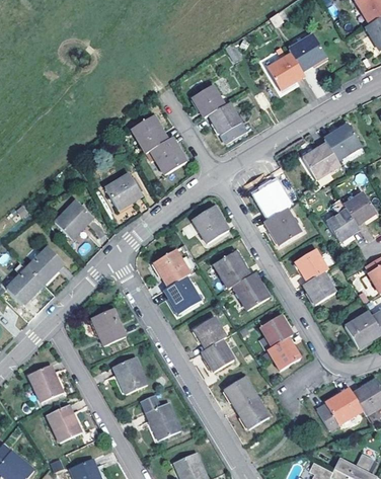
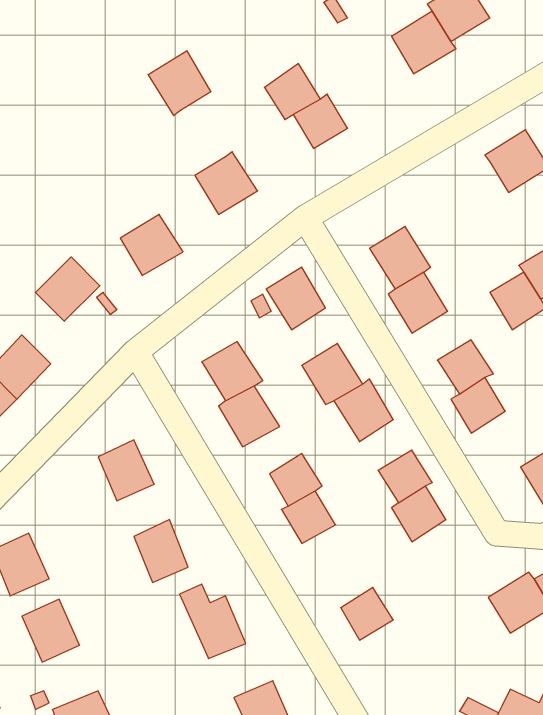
building: [131,115,168,154] -> [148,51,211,115]
building: [303,143,339,179] -> none
building: [225,377,256,409] -> none

